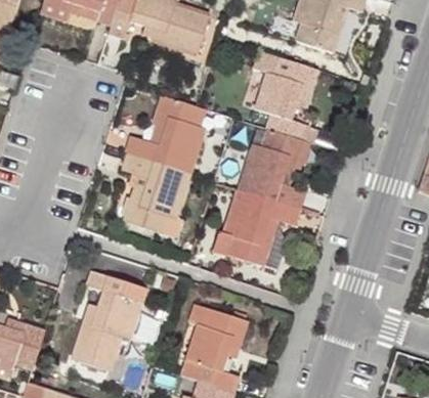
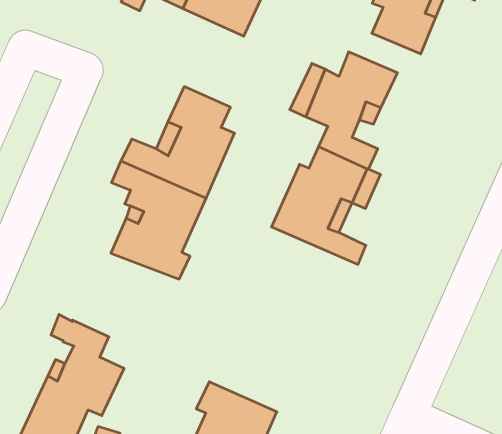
building: [209,187,300,268] -> none

